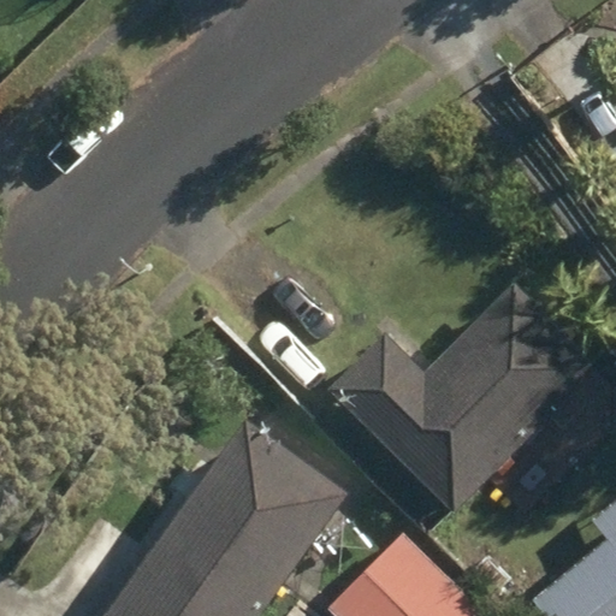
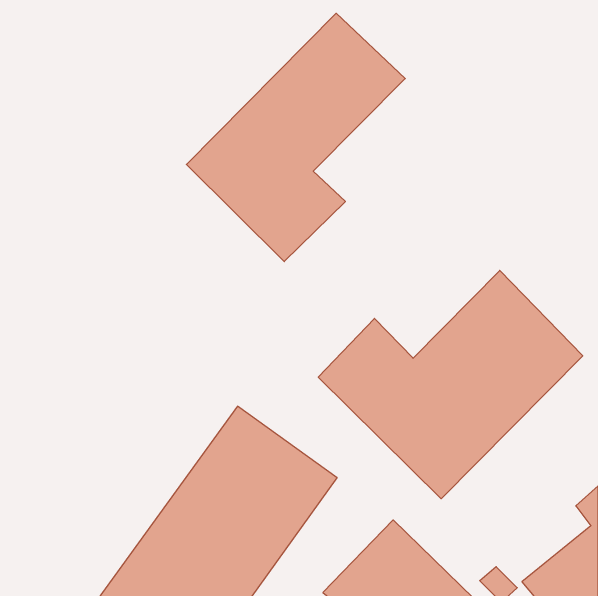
building: none -> [186,13,405,262]

